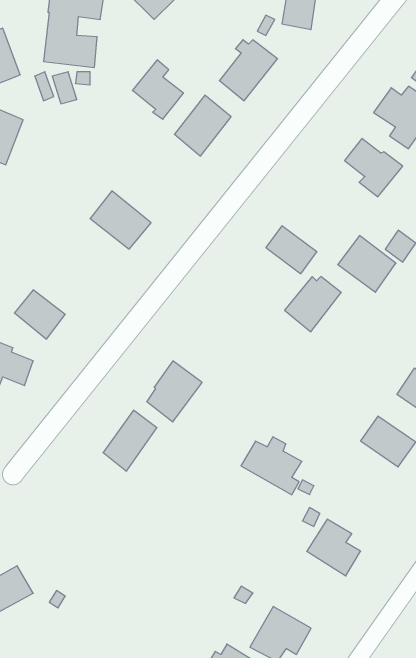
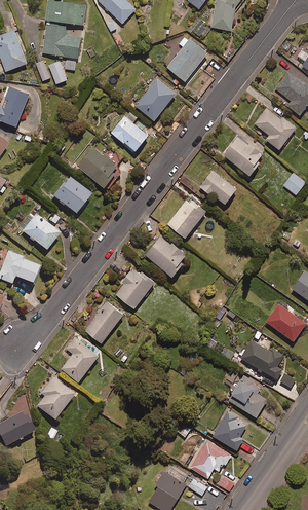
building: [132,60,183,119] -> [112,113,148,155]
building: none -> [50,176,89,214]
building: [338,236,396,292] -> [223,135,264,175]
building: [285,277,341,332] -> [166,199,206,239]
building: none -> [144,234,187,276]
building: [241,437,302,495] -> [240,337,283,378]
building: none -> [61,337,98,381]
building: none -> [36,378,73,420]
building: none -> [211,410,247,450]

